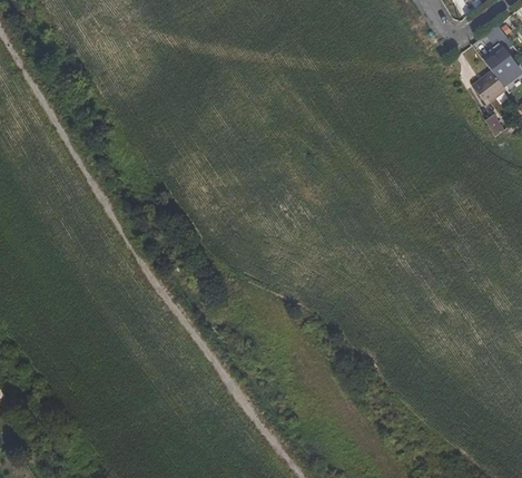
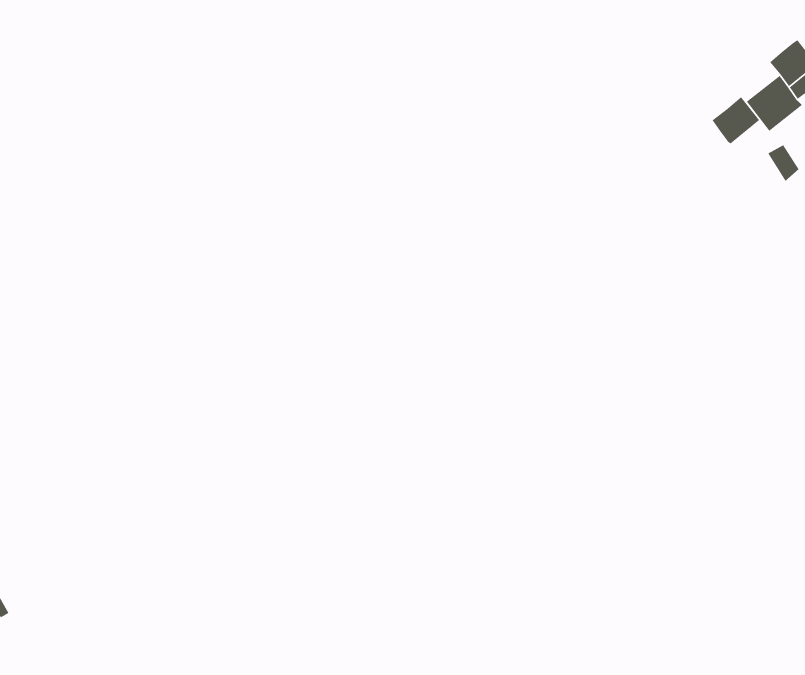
building: none -> [711,96,760,144]

